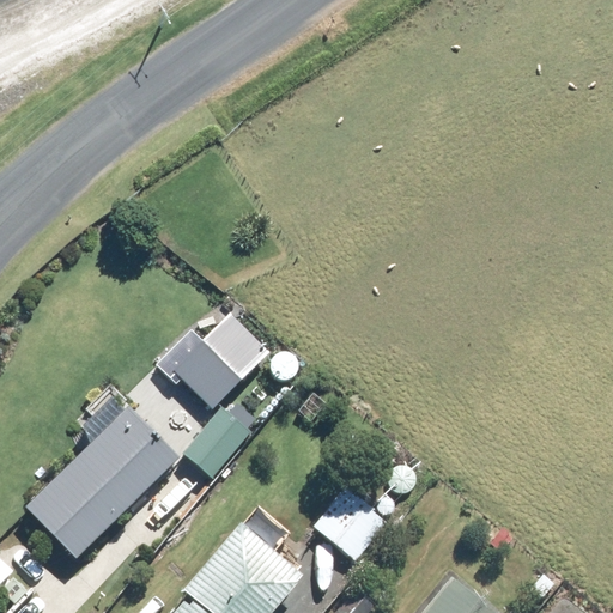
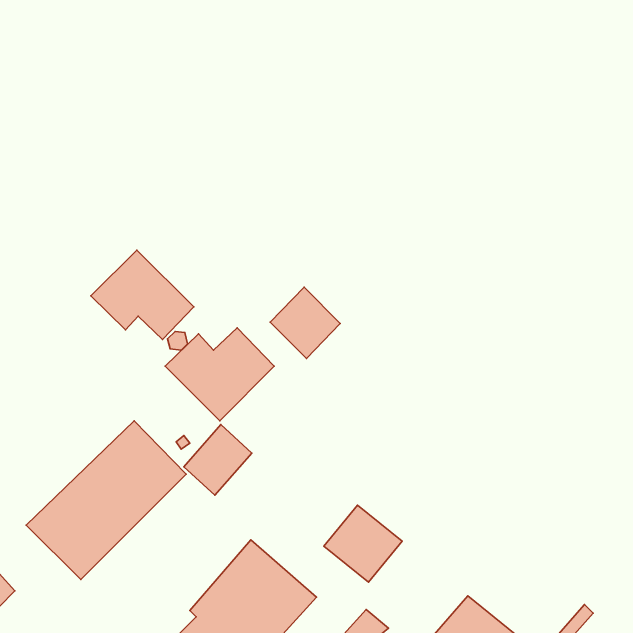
building: none -> [91,250,194,339]
building: none -> [270,287,340,358]

